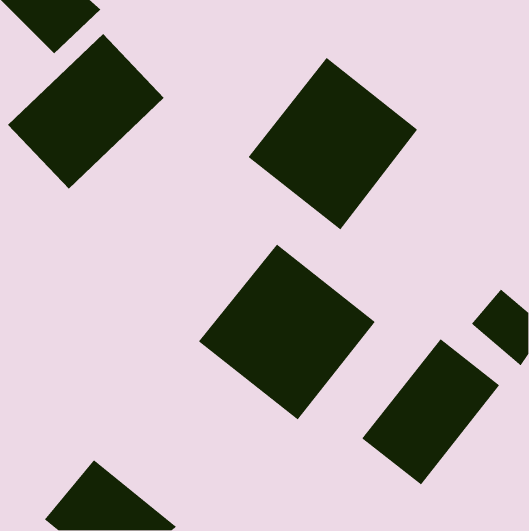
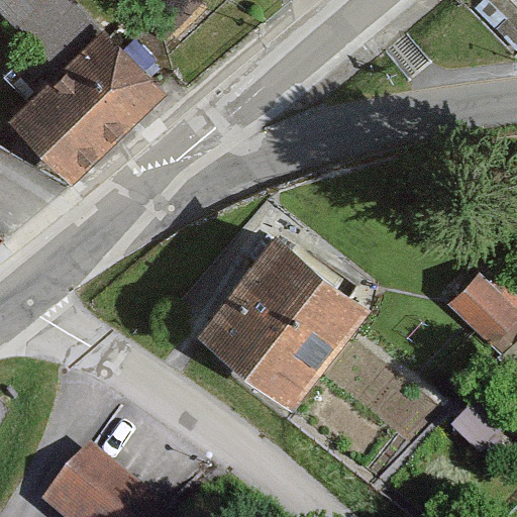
building: [247,57,418,230] -> none
building: [361,338,500,485] -> none

